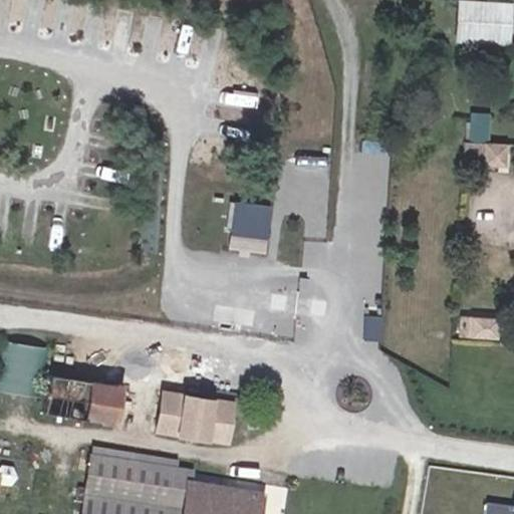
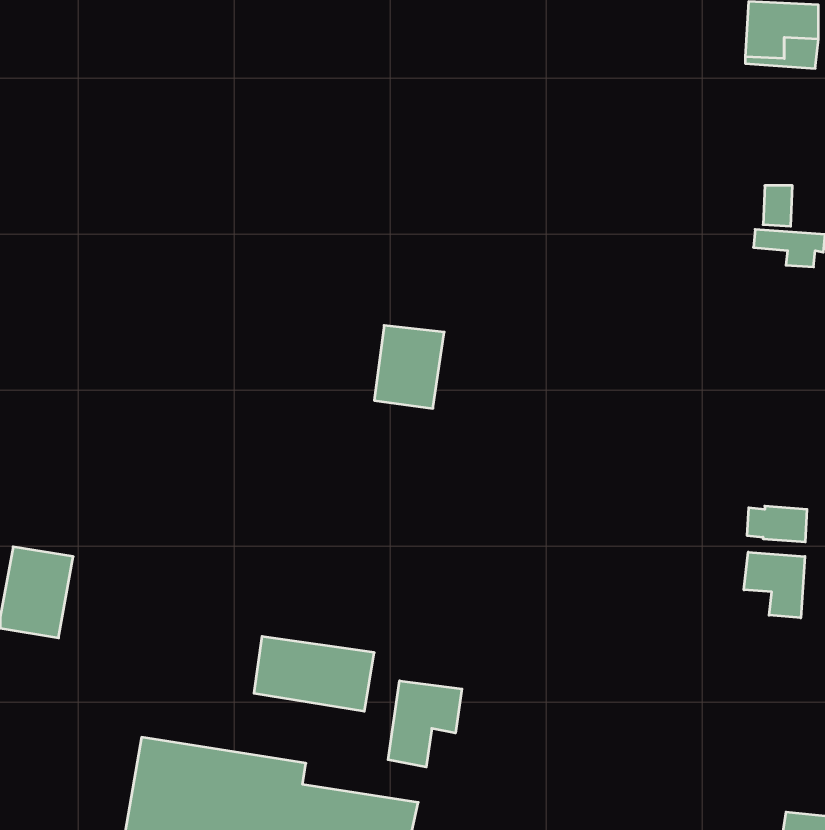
building: none -> [744,552,805,618]
building: [46,374,121,423] -> none
building: none -> [388,681,462,767]

